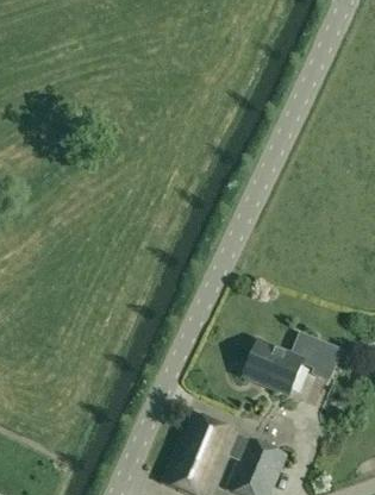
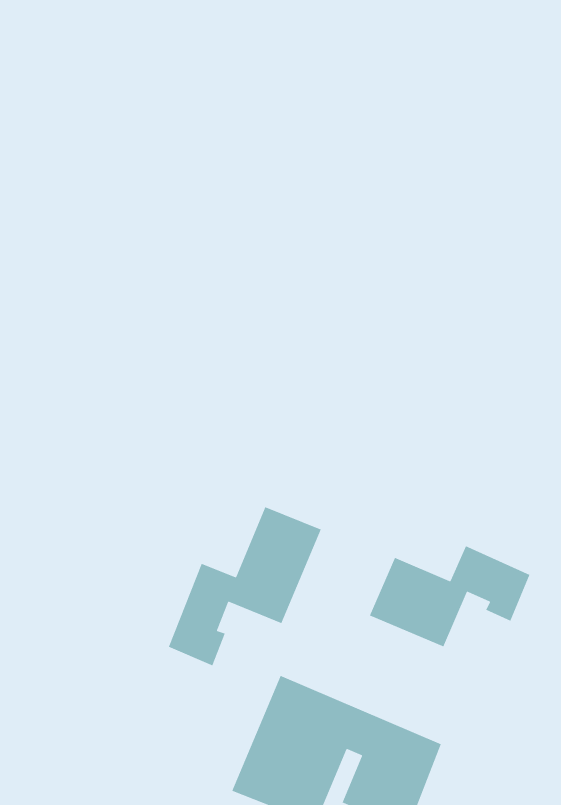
building: none -> [168,506,322,666]

